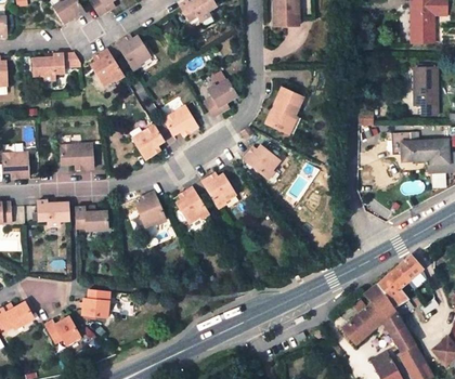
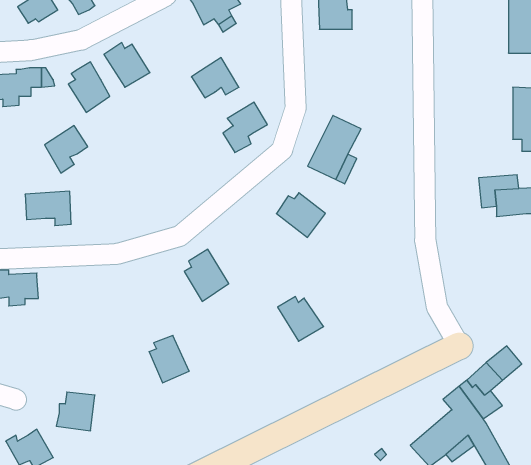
building: [162,104,197,133] -> [191,58,239,98]
building: [132,123,164,158] -> [45,126,88,173]
building: [202,172,235,205] -> [278,297,324,341]
building: [135,192,165,226] -> [149,335,189,383]
building: [76,206,108,231] -> none

